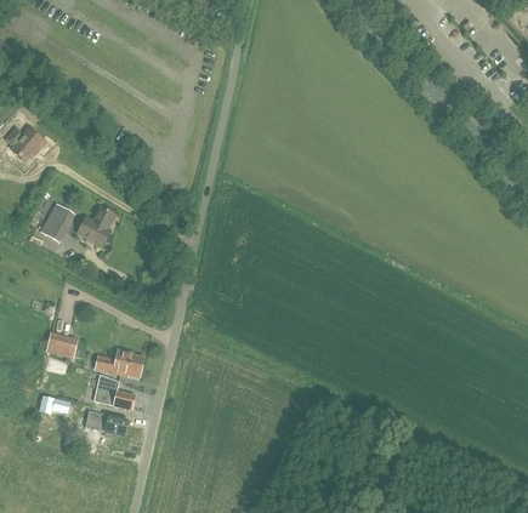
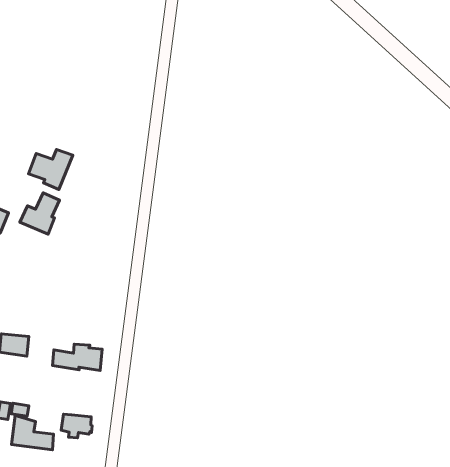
building: none -> [28,149,73,189]
building: [95,374,135,409] -> [11,415,54,450]

